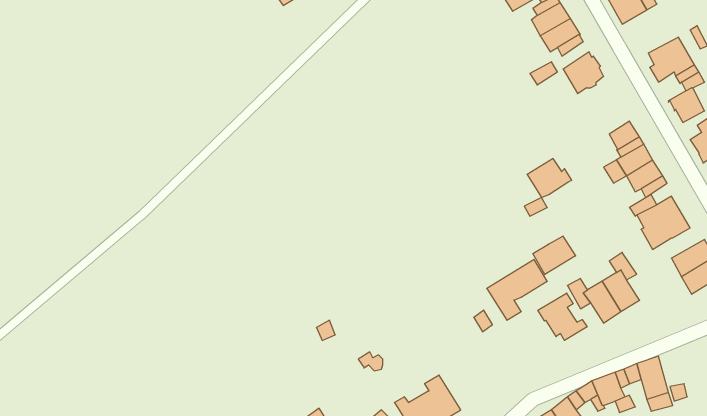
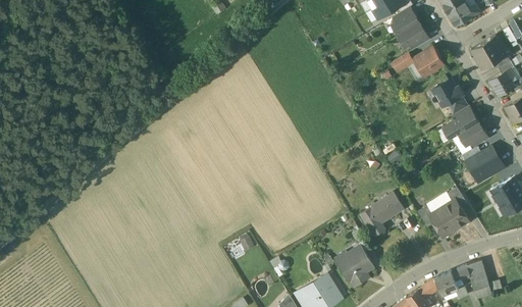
building: [527,159,572,198] -> [431,79,463,106]
building: [533,236,576,275] -> none
building: [538,293,587,340] -> none
building: none -> [334,245,373,286]

